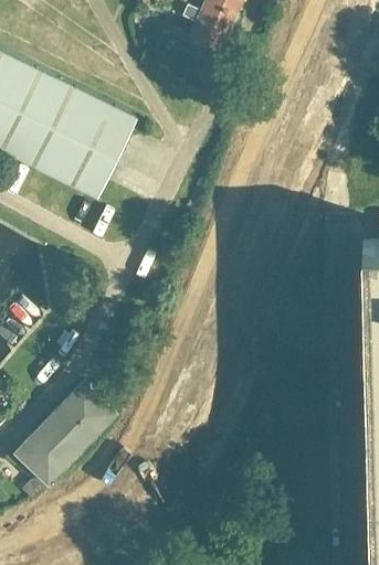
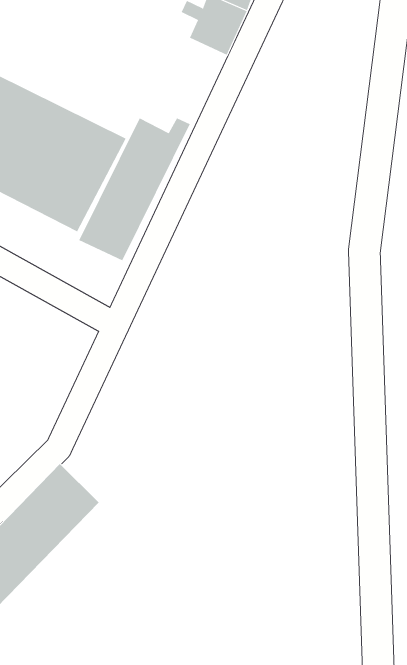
building: none -> [79,117,190,261]

